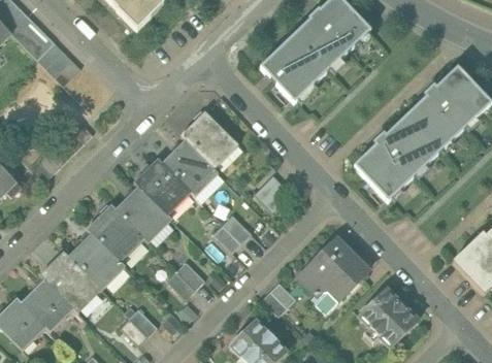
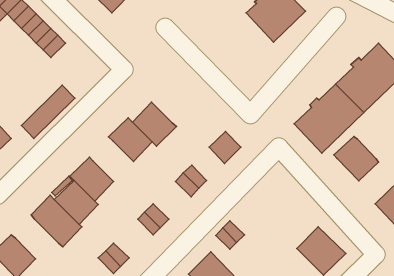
building: [261,32,331,101] -> none
building: [179,110,234,164] -> none
building: none -> [334,137,379,181]
building: [114,186,167,238] -> none
building: [300,239,367,314] -> none
building: [22,279,73,331] -> none

